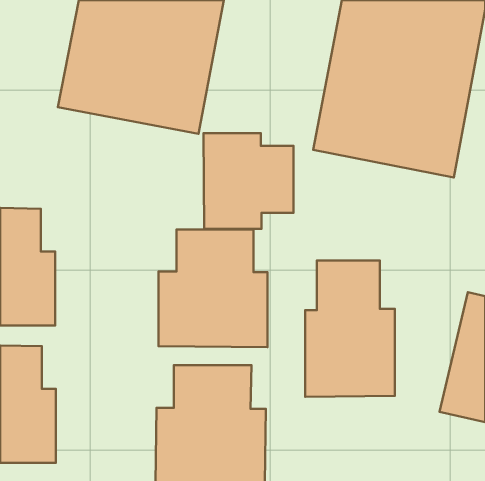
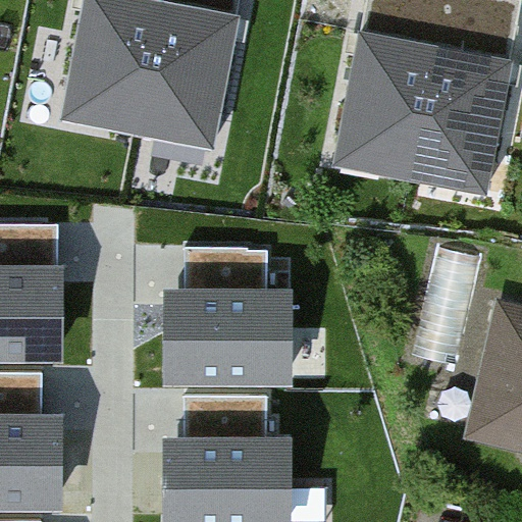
building: [204,133,294,229] -> none
building: [305,261,395,397] -> none

